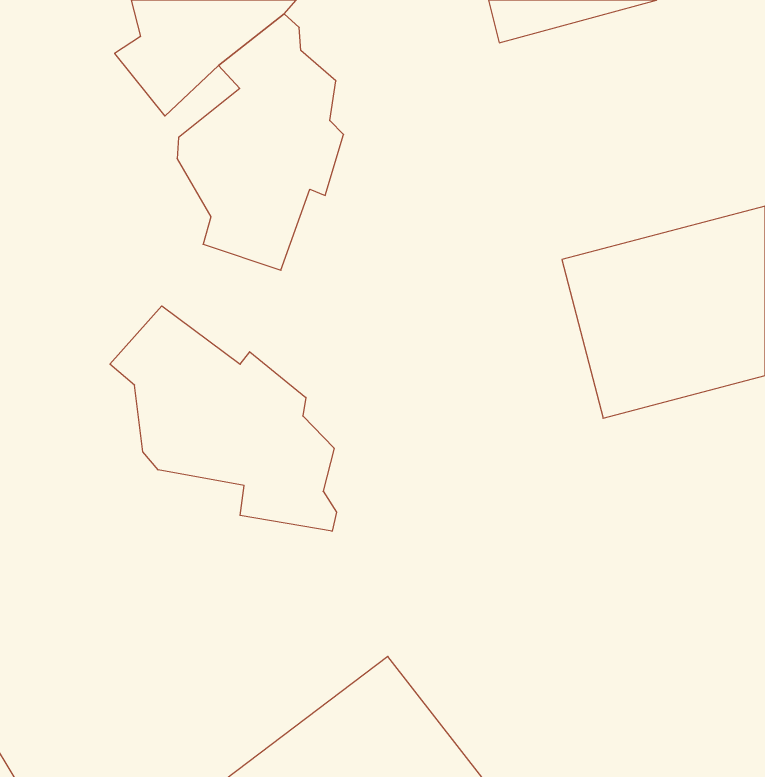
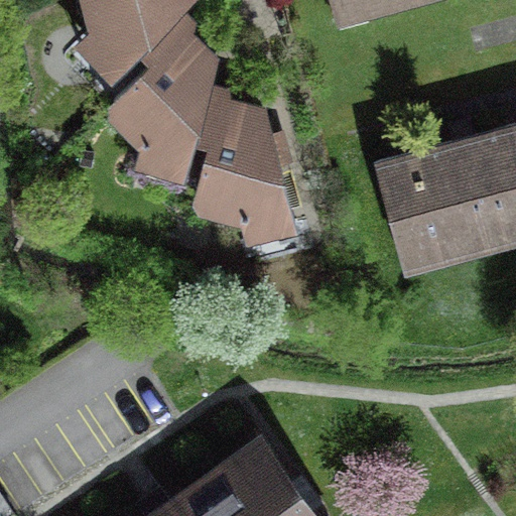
building: none -> [196,91,297,241]
building: [110,306,337,531] -> none

